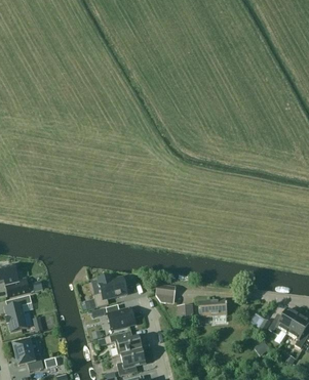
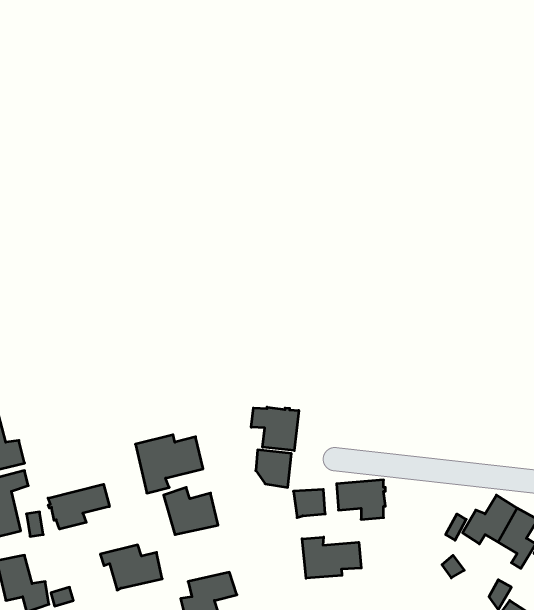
building: none -> [251,407,299,451]
building: none -> [48,484,109,529]
building: none -> [302,537,361,578]
building: [108,332,142,356] -> [100,545,162,590]

